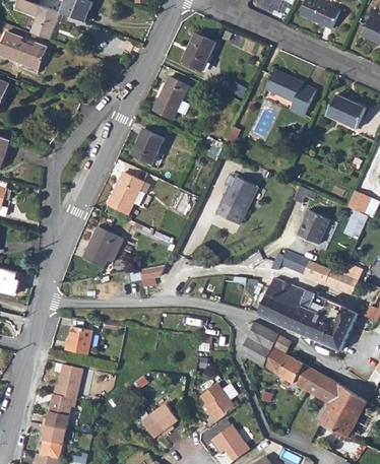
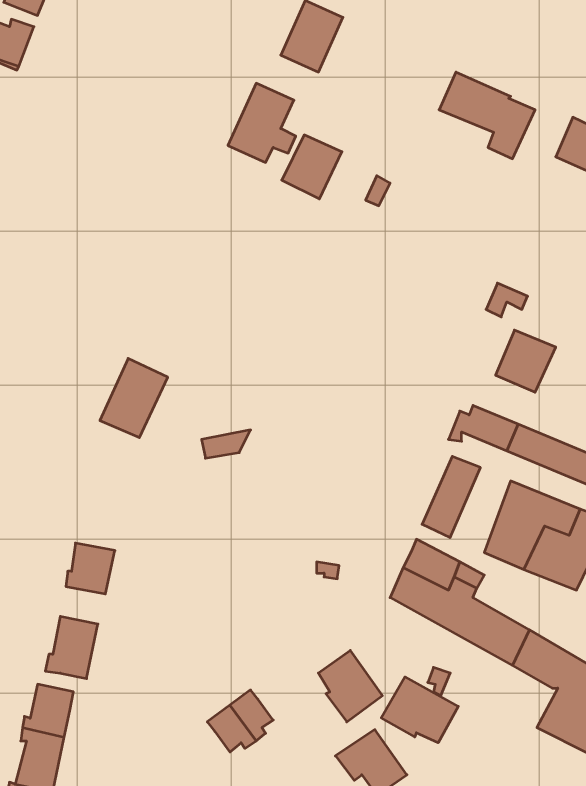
building: [131,129,164,163] -> [282,135,342,199]
building: [107,171,148,213] -> none
building: [213,177,257,223] -> none
building: [271,283,304,329] -> none
building: none -> [381,677,458,743]

